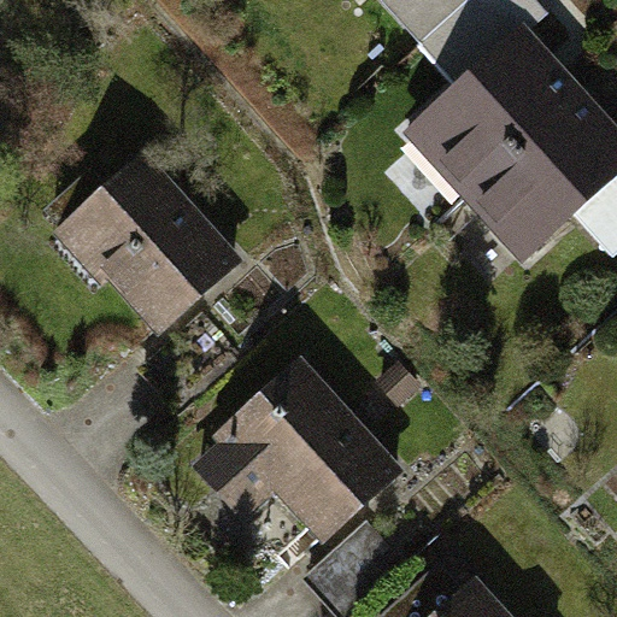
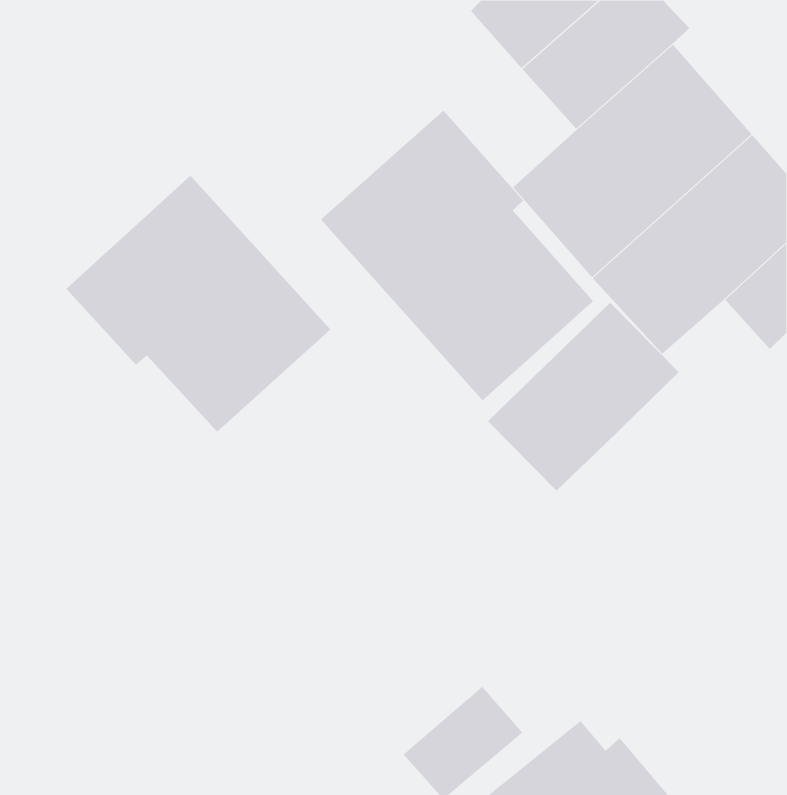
building: none -> [320,110,594,401]
building: none -> [487,302,680,492]
building: [190,346,418,543] -> none

